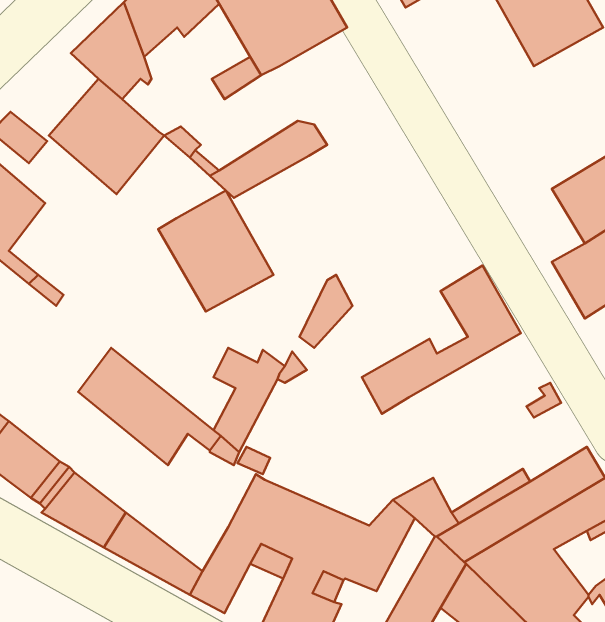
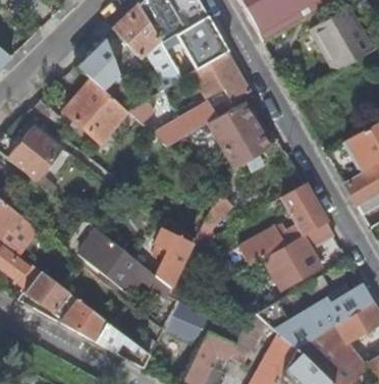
building: none -> [192,51,252,102]
building: [158,191,273,311] -> [208,101,272,168]
building: none -> [264,221,334,288]

